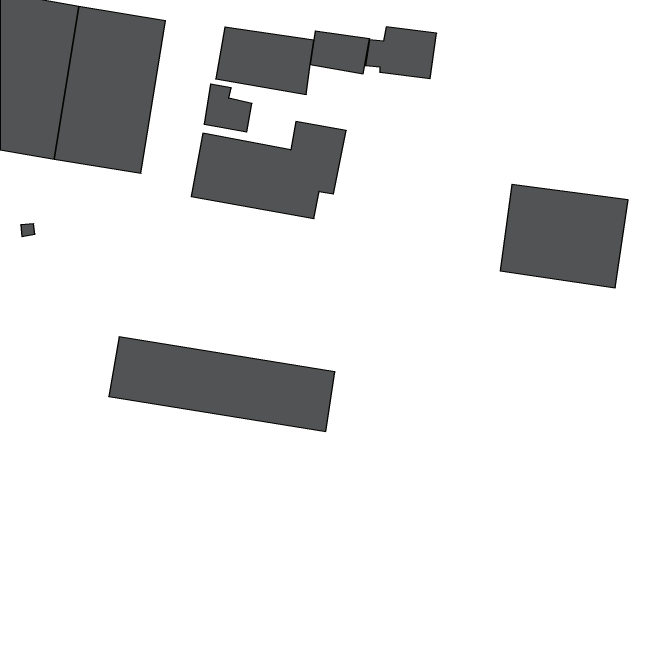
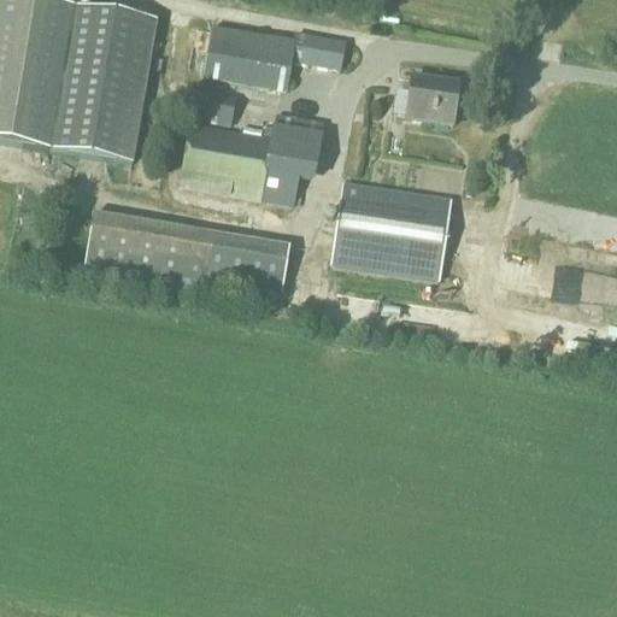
building: [365,27,437,79] -> [392,76,458,124]
building: [500,184,628,288] -> [333,183,452,280]
building: [109,337,335,431] -> [77,207,288,295]

